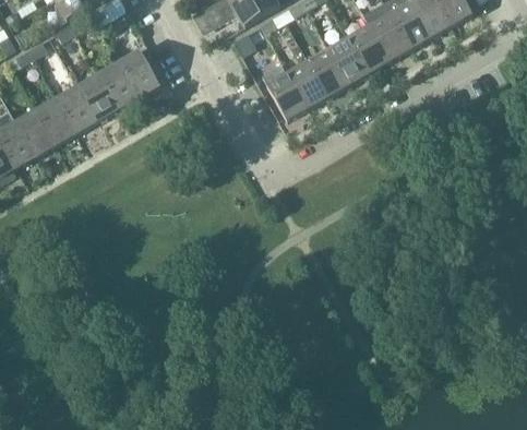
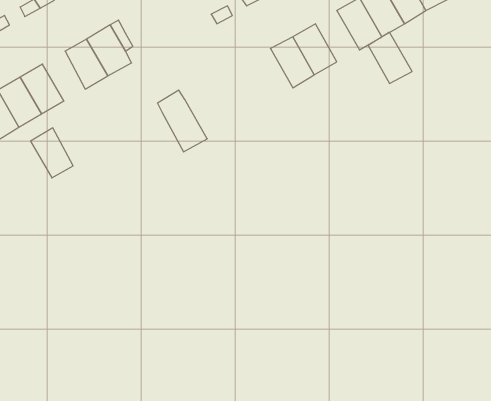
building: [327,37,368,84] -> [368,32,412,83]
building: [261,63,307,120] -> [157,90,207,152]
building: [76,74,116,120] -> [30,128,73,178]

